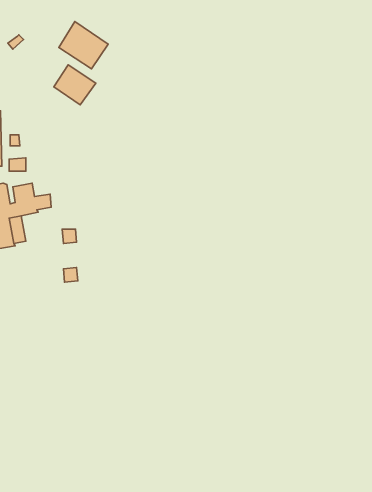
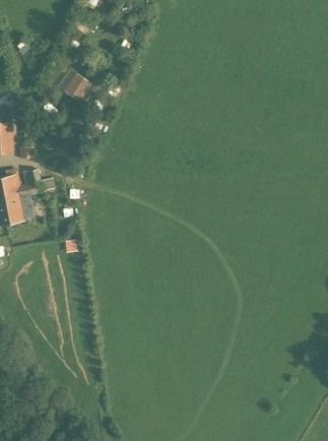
building: [59,22,108,69] -> none

